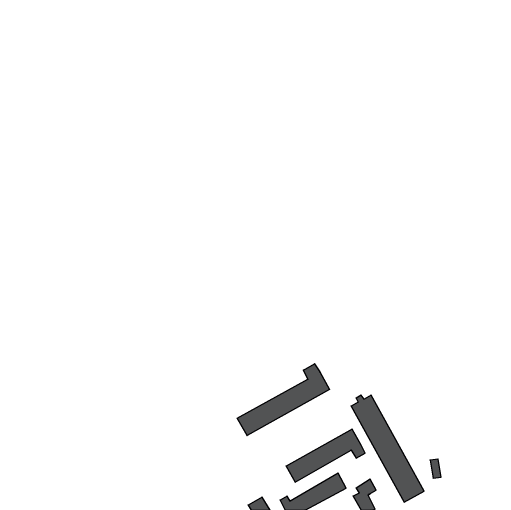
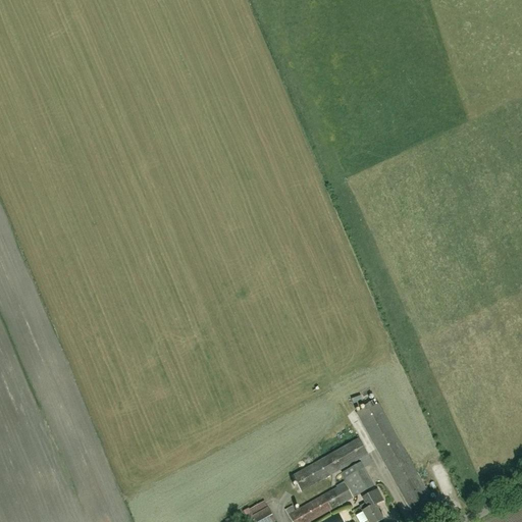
building: [237,364,330,436] -> none
building: none -> [342,462,373,495]

